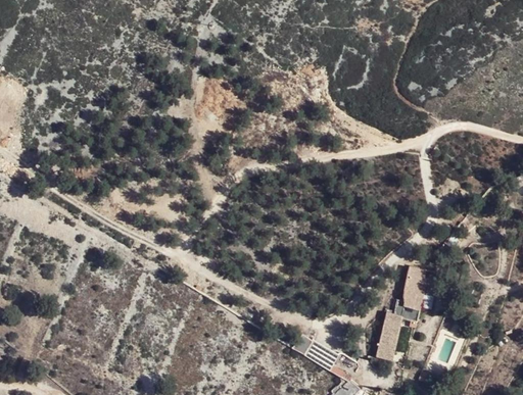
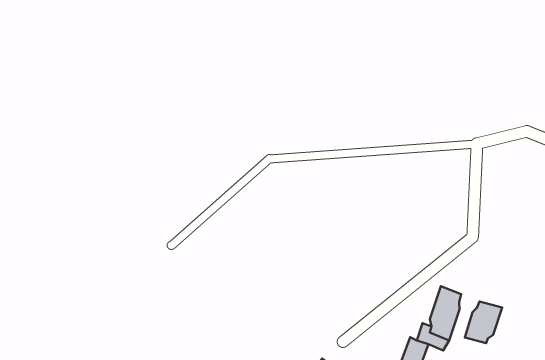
building: none -> [465,301,502,343]

